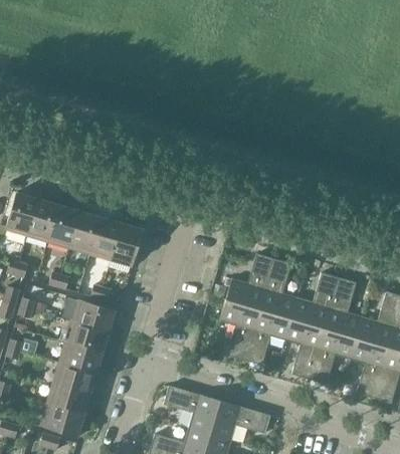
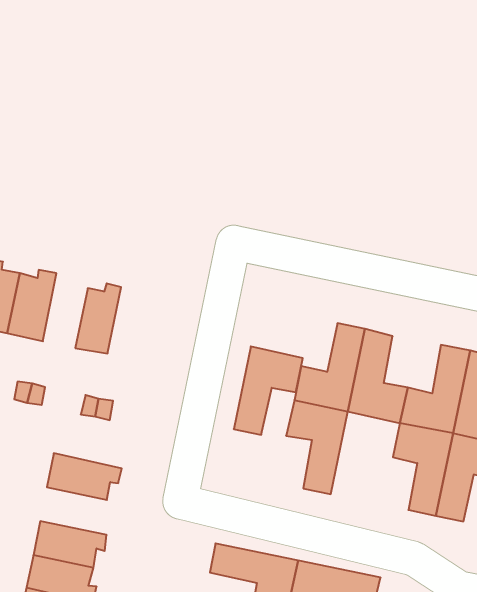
building: [69,207,101,255] -> none
building: [110,219,143,267] -> none
building: [70,299,116,333] -> none
building: [243,309,290,366] -> [234,346,303,435]
building: [58,342,103,375] -> none

